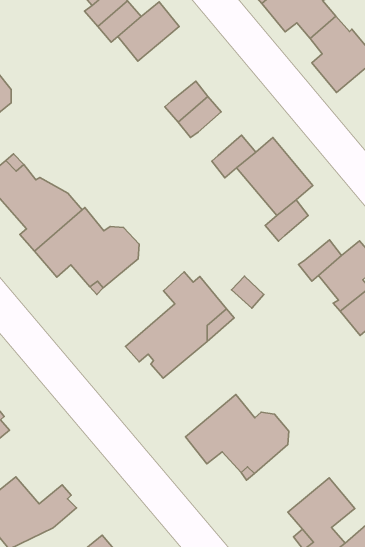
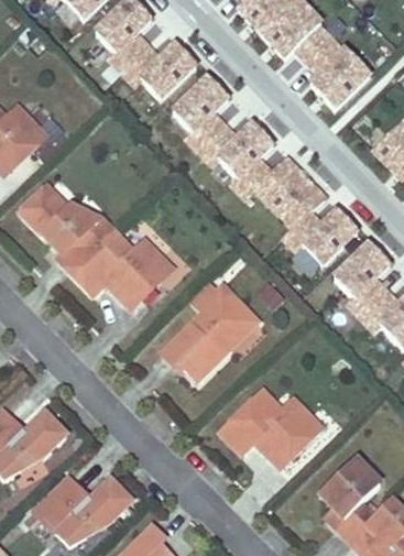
building: none -> [167,73,222,128]
building: none -> [214,119,269,174]
building: none -> [299,208,354,263]

